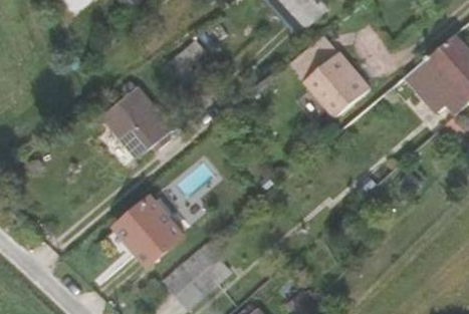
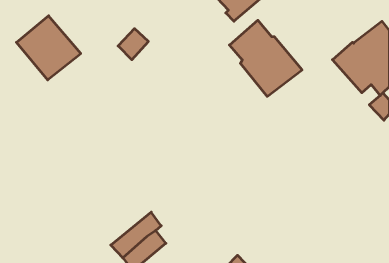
building: [102,87,173,158] -> [16,16,81,80]
building: [115,196,186,266] -> none

